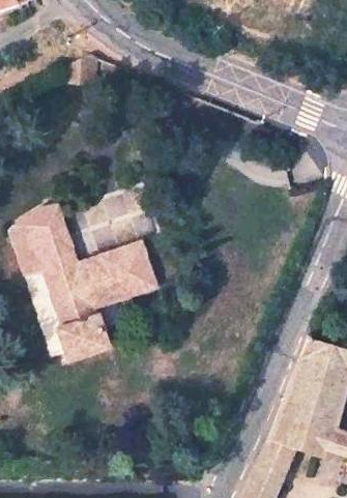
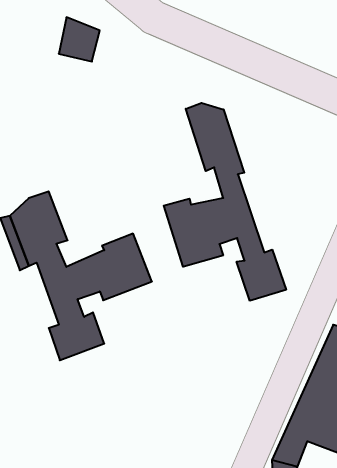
building: none -> [164,103,286,301]

